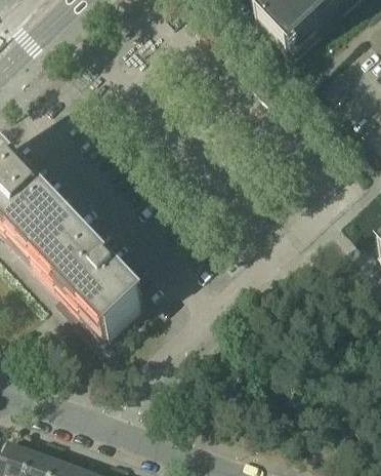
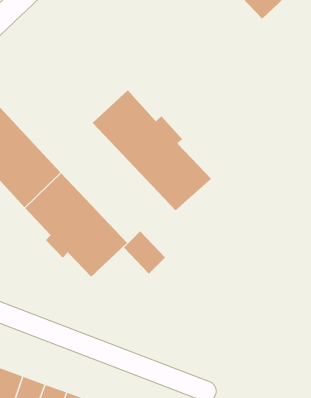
building: none -> [92,89,212,211]
building: none -> [123,231,166,274]

